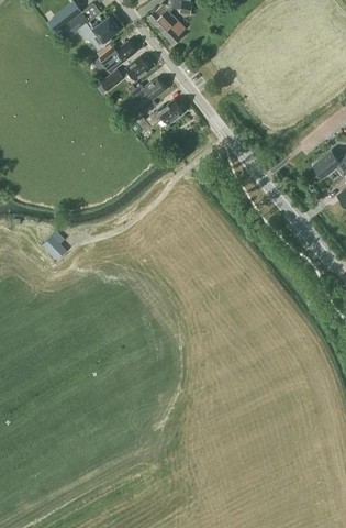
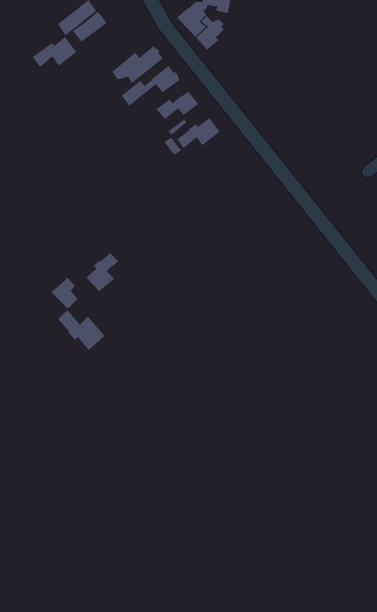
building: [81,15,119,42] -> [32,36,77,68]
building: none -> [85,252,119,292]
building: none -> [57,309,105,351]

